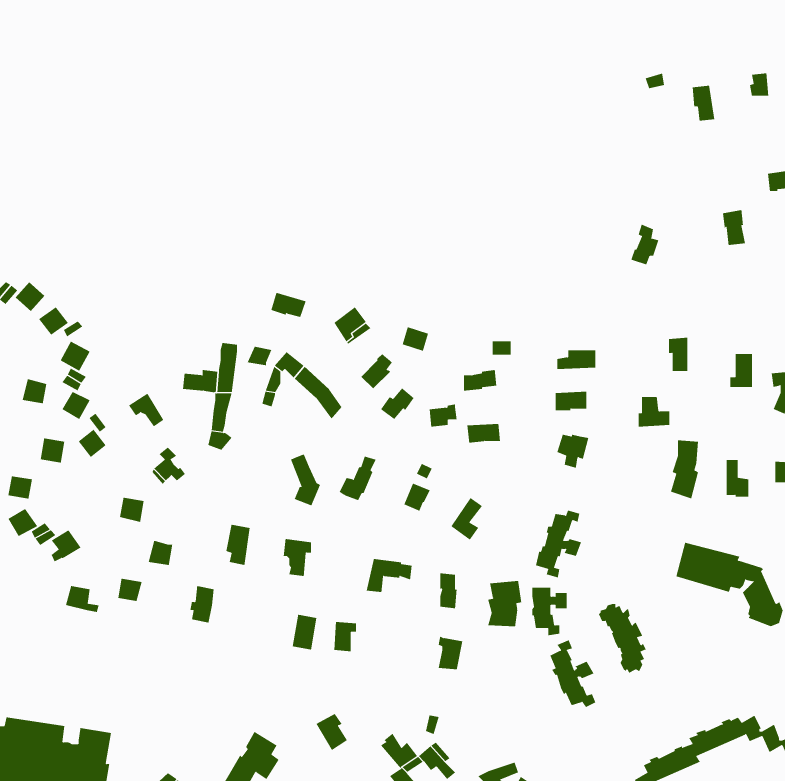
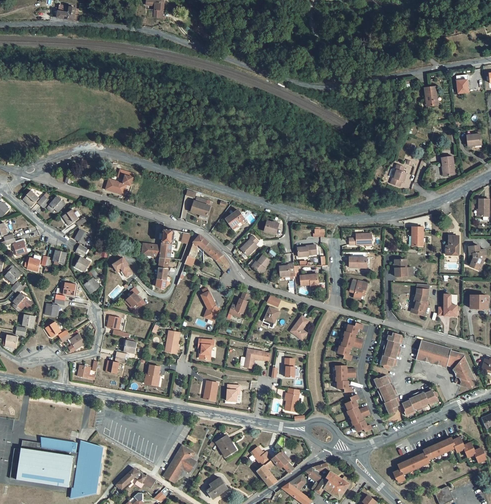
building: none -> [105,169,136,194]
building: none -> [378,331,402,368]
building: [488,580,522,627] -> none
building: none -> [400,388,438,415]

